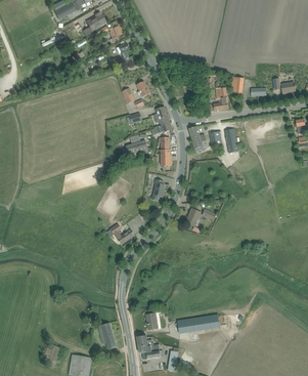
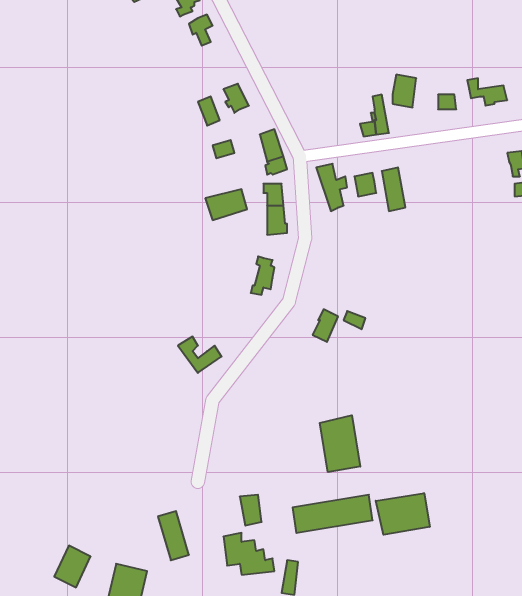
building: none -> [320,415,360,472]
building: none -> [376,493,430,535]

